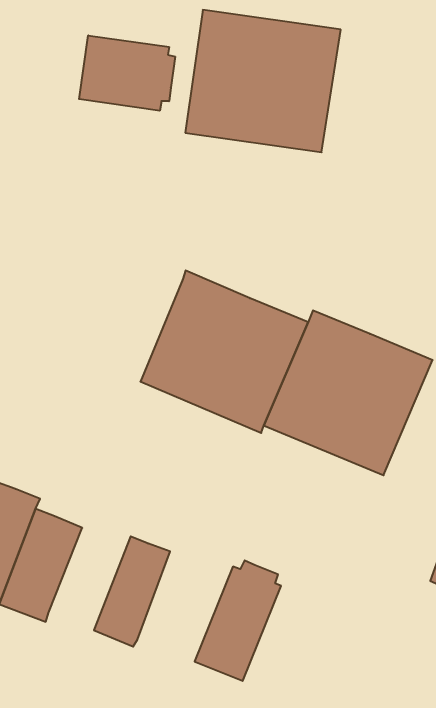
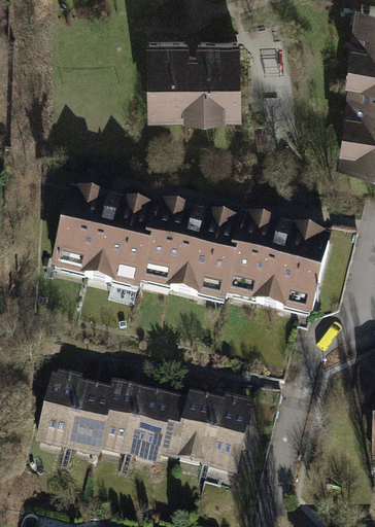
building: [79,35,175,111] -> none
building: none -> [49,186,160,287]
building: none -> [102,379,149,452]
building: none -> [164,389,220,463]

